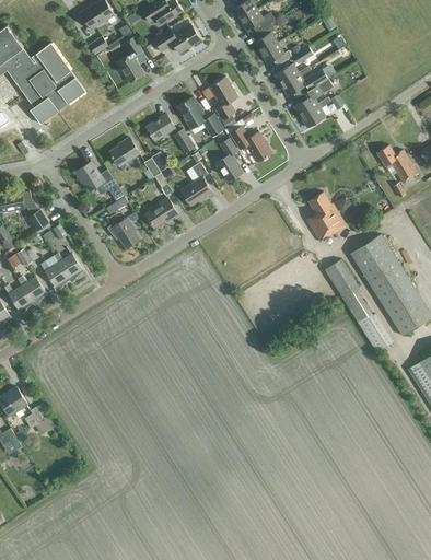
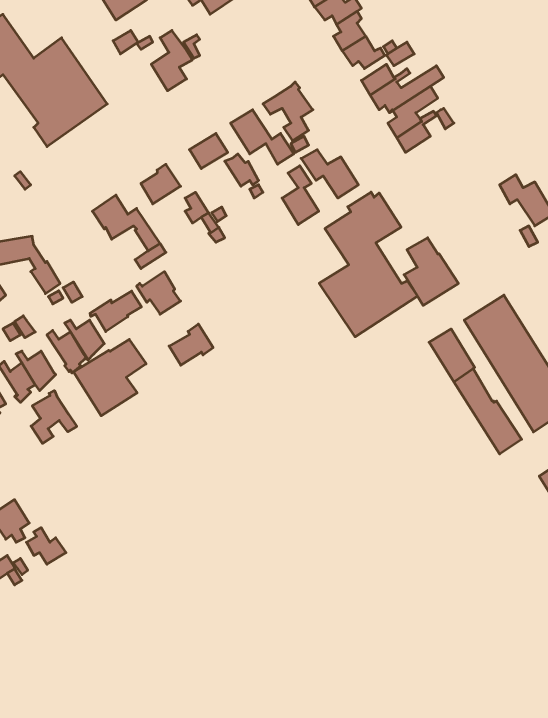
building: [153,24,200,52] -> none
building: none -> [319,192,417,337]
building: [179,162,211,205] -> none
building: [144,197,177,228] -> [169,324,213,365]
building: none -> [90,291,141,332]
building: none -> [73,339,146,416]
building: none -> [31,391,77,443]

